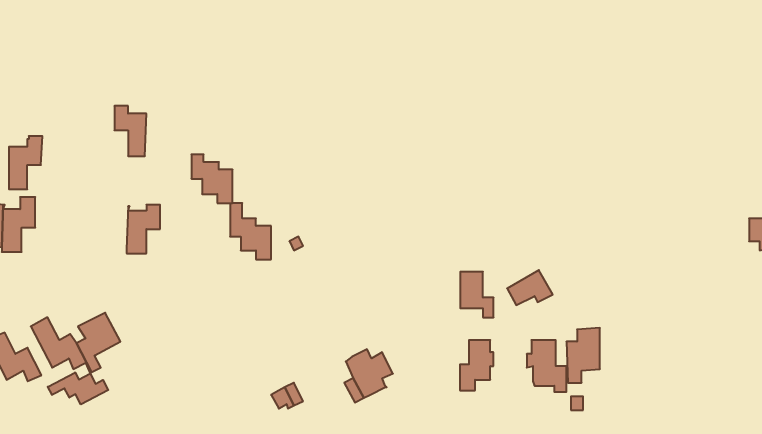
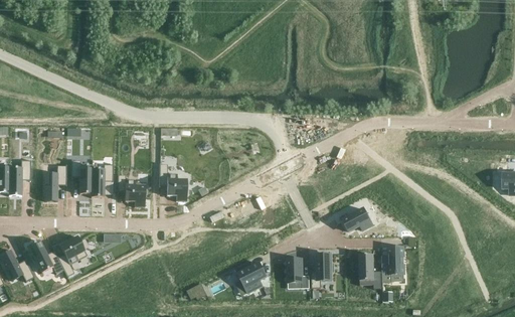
building: [114,106,146,156] -> [70,160,92,193]
building: [9,136,42,189] -> [44,165,66,200]
building: [191,154,233,203] -> [117,174,144,206]
building: [460,272,494,317] -> [287,258,309,288]
building: [48,372,108,404] -> none

